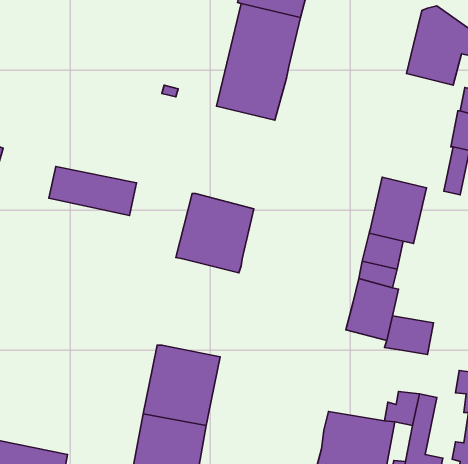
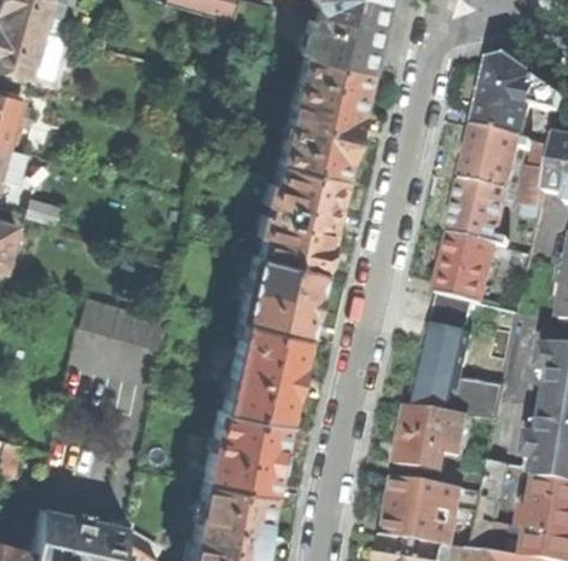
building: none -> [451,129,533,250]
building: none -> [257,163,340,270]
building: [49,167,136,215] -> [76,297,167,348]
building: none -> [222,322,302,423]
building: none -> [398,407,469,473]

